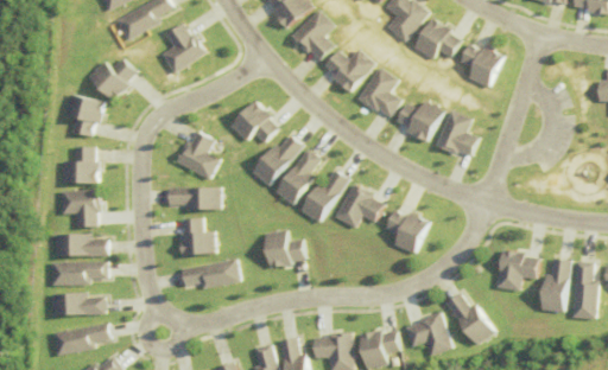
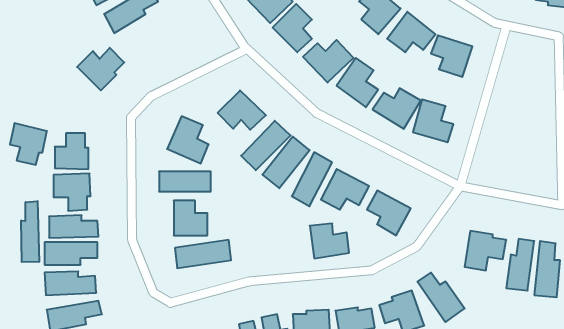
building: [157,24,202,74] -> none
building: [62,94,101,138] -> [10,123,47,165]
building: none -> [21,201,39,262]
building: [271,230,312,267] -> [310,224,349,258]

